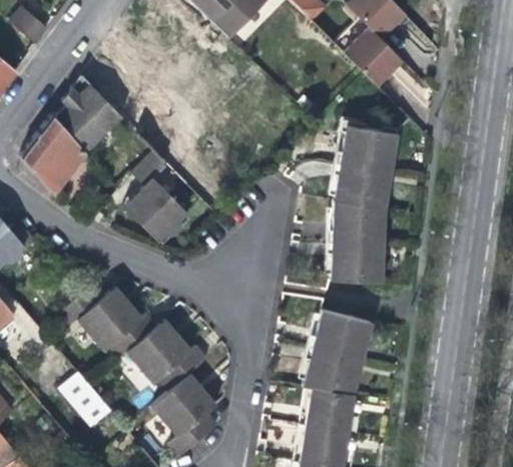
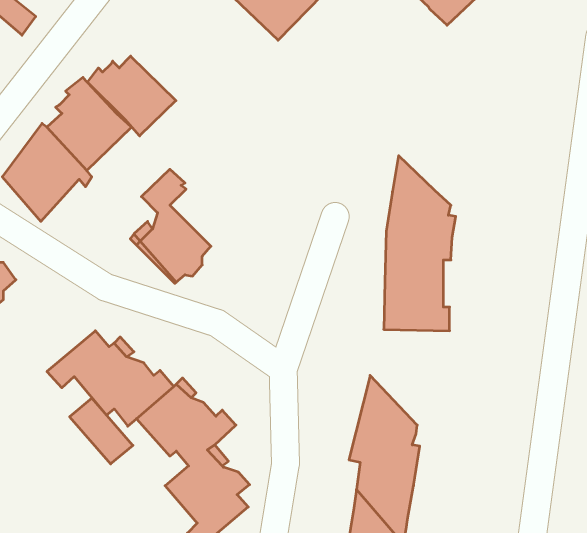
building: [337,20,411,88] -> none
building: none -> [87,56,176,136]
building: [341,124,396,180] -> none
building: [318,310,371,358] -> none
building: [61,374,112,427] -> [70,398,133,464]

